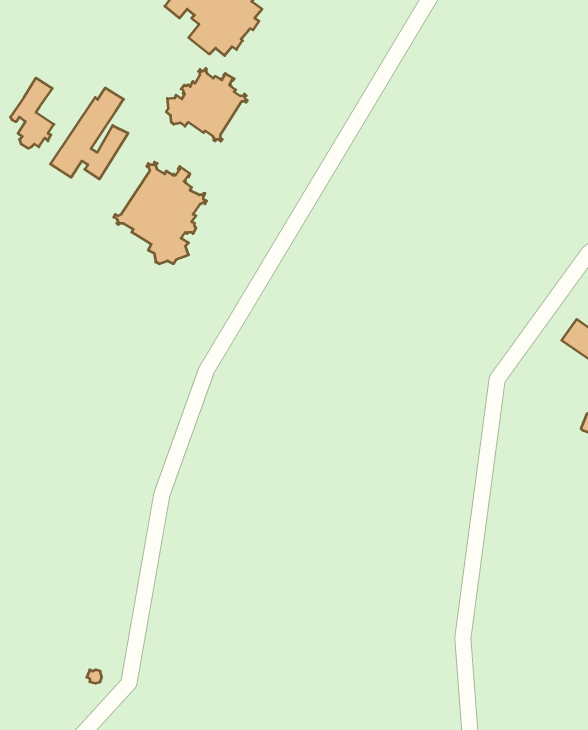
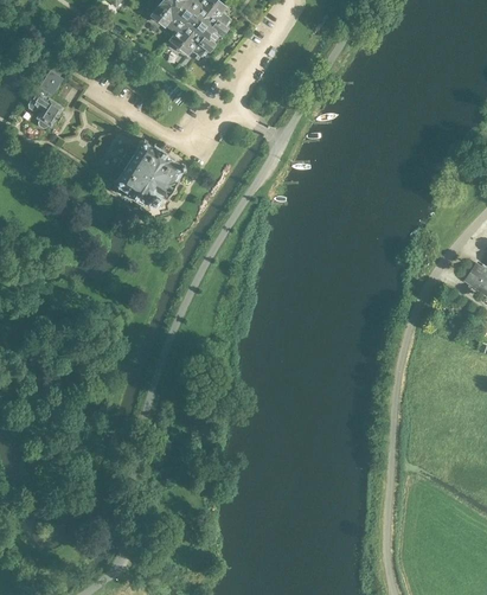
building: [166,68,247,141] -> none
building: [50,88,128,179] -> none

